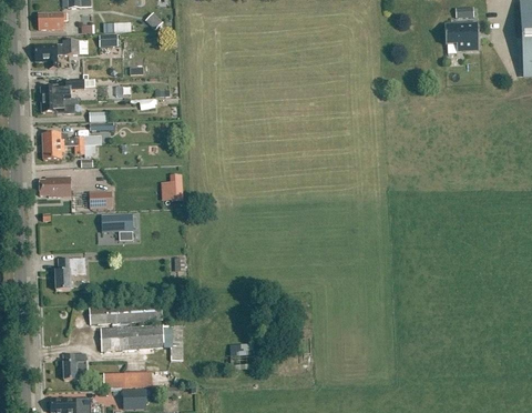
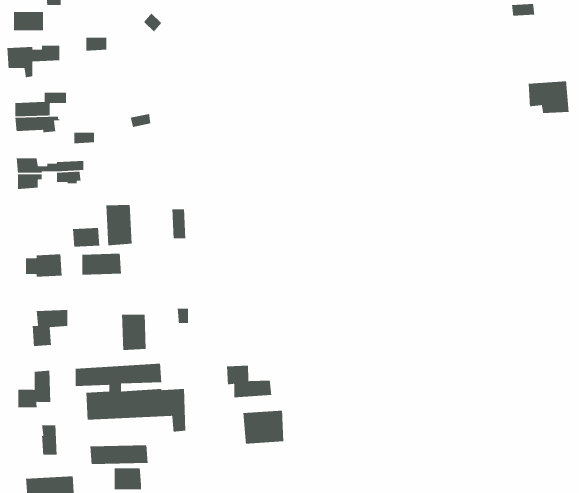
building: [444,22,479,50] -> [528,80,569,114]
building: none -> [105,204,132,246]
building: [40,177,71,197] -> [25,253,63,278]
building: none -> [121,314,147,351]
building: none -> [226,365,272,398]
building: none -> [17,370,51,408]

